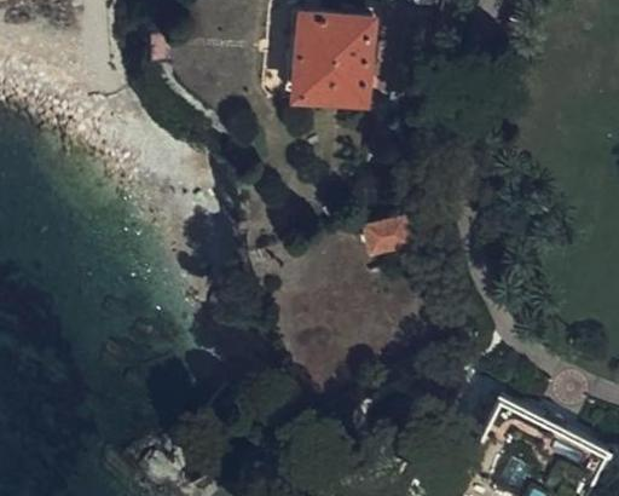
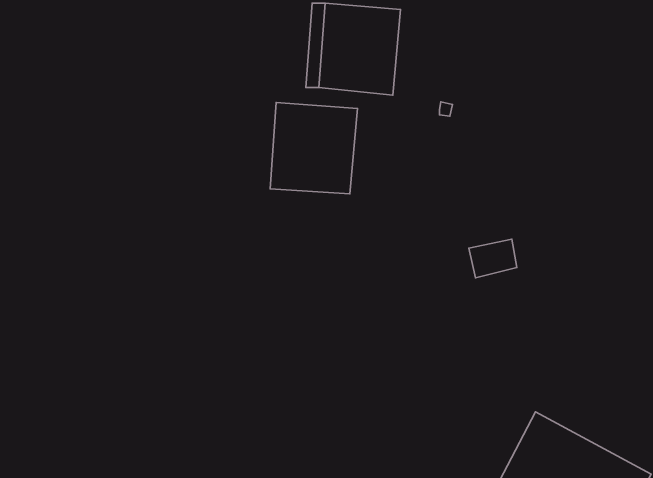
building: none -> [270,102,357,194]
building: [371,218,416,254] -> [469,239,517,278]

